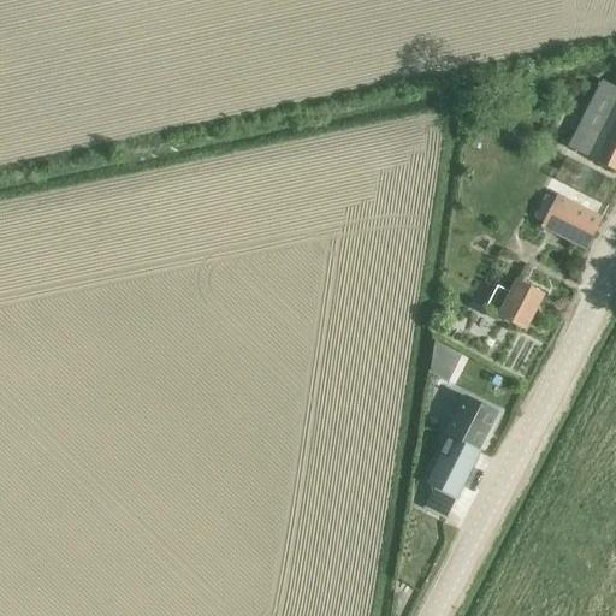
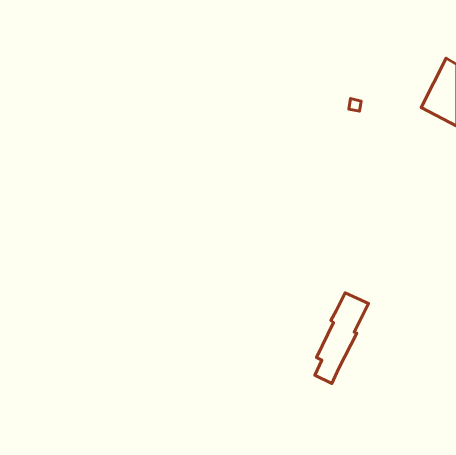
building: [534,192,603,248] -> none
building: [486,278,544,328] -> none

